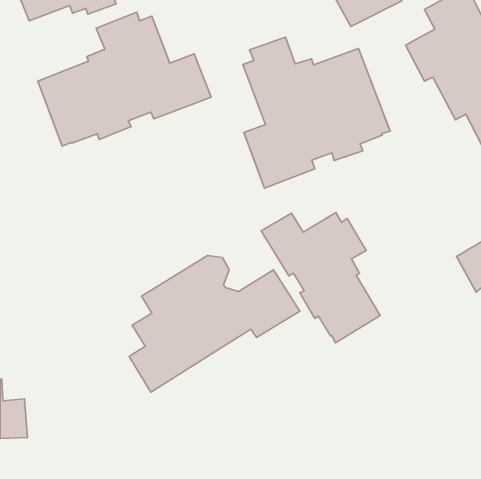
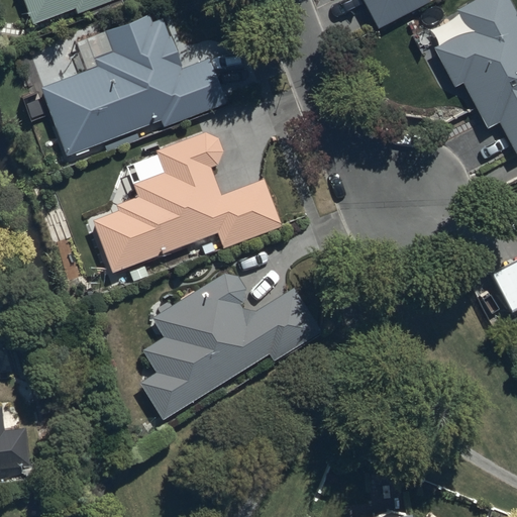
building: [243,37,390,188] -> none
building: none -> [92,131,283,273]
building: [261,213,380,343] -> none

